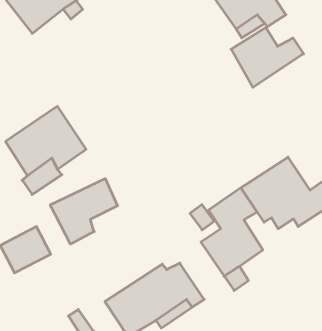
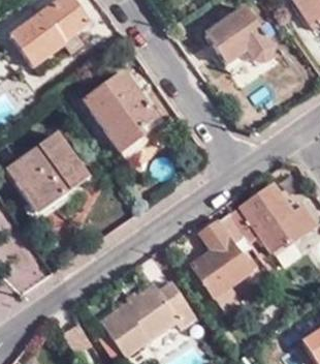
building: [231,28,304,87] -> none
building: none -> [84,71,154,150]
building: [50,179,118,244] -> none

